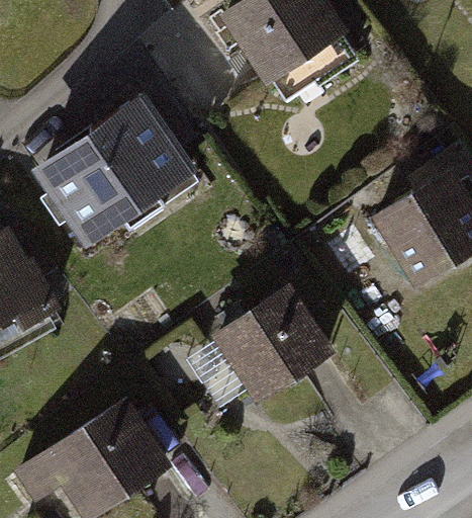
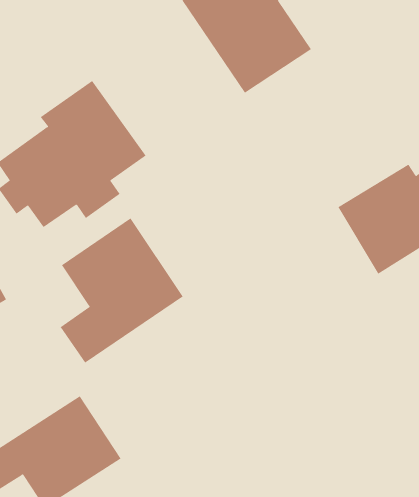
building: none -> [60,218,183,363]
building: [220,289,331,397] -> none

